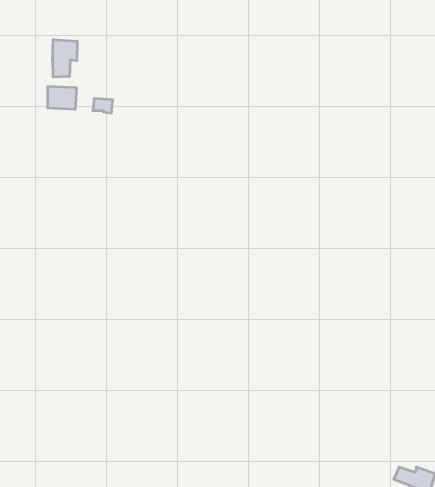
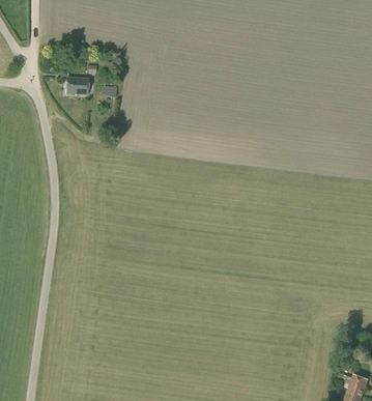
building: [52,39,77,77] -> none

